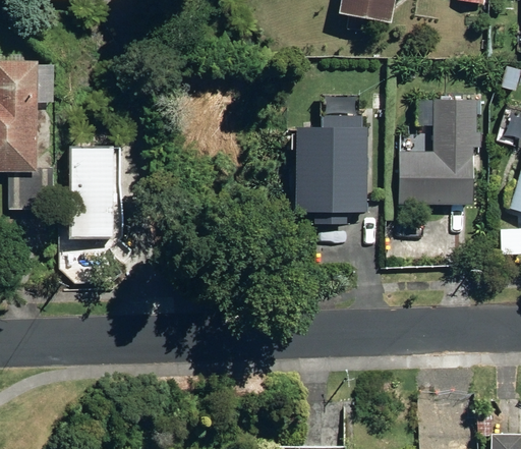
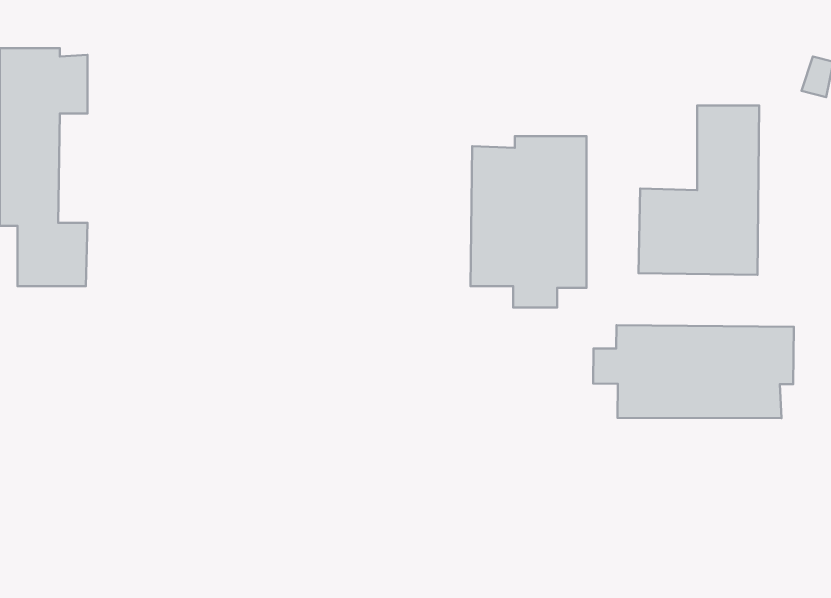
building: [72,148,117,238] -> none
building: none -> [593,325,794,418]

